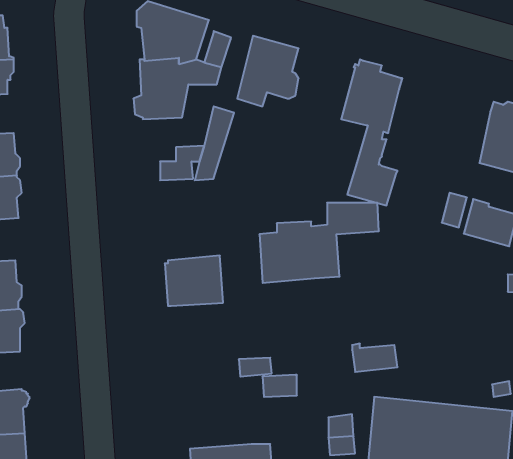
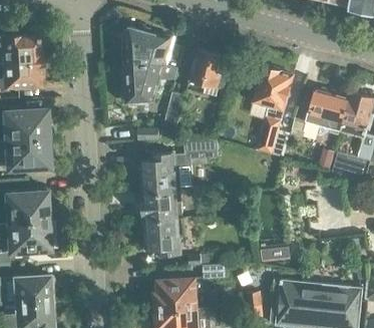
building: none -> [291,87,348,136]
building: [259,203,379,283] -> [140,140,217,192]
building: none -> [144,219,179,255]
building: none -> [155,278,203,312]

